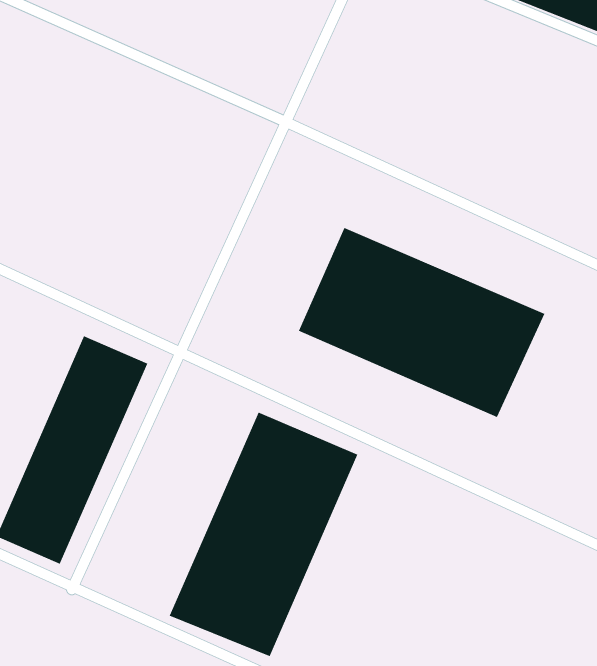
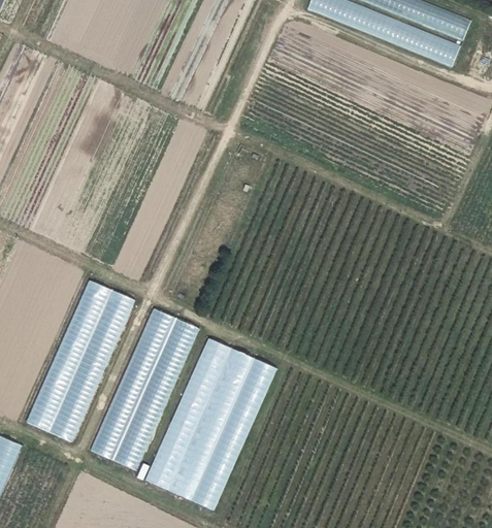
building: [298,227,545,418] -> none
building: none -> [89,309,196,470]

